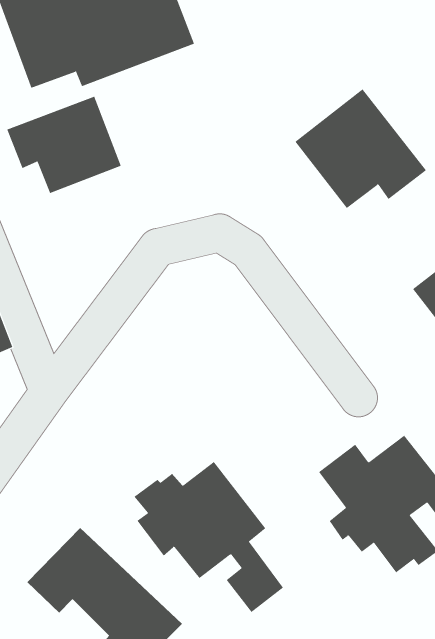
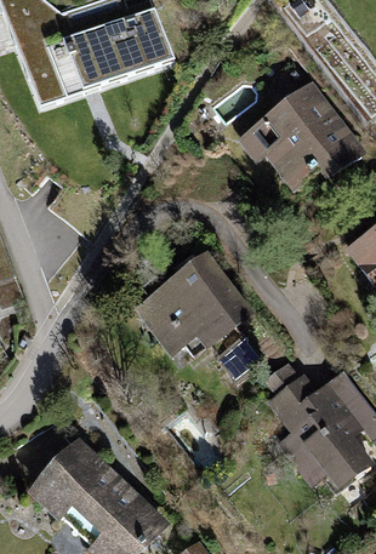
building: [7,96,121,194] -> none
building: [134,461,284,613] -> [139,259,262,383]

